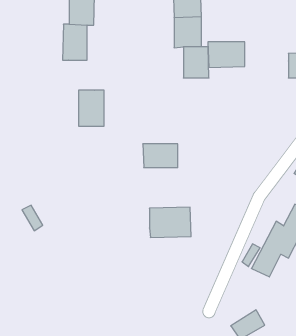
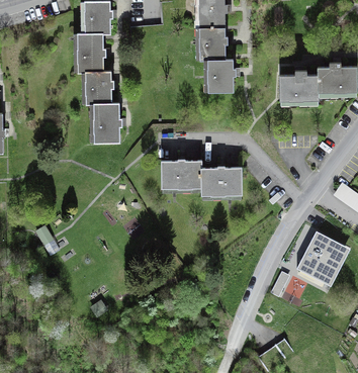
building: [208,42,245,67] -> [280,74,320,101]
building: none -> [84,73,113,105]
building: [149,207,191,237] -> [201,166,246,198]

